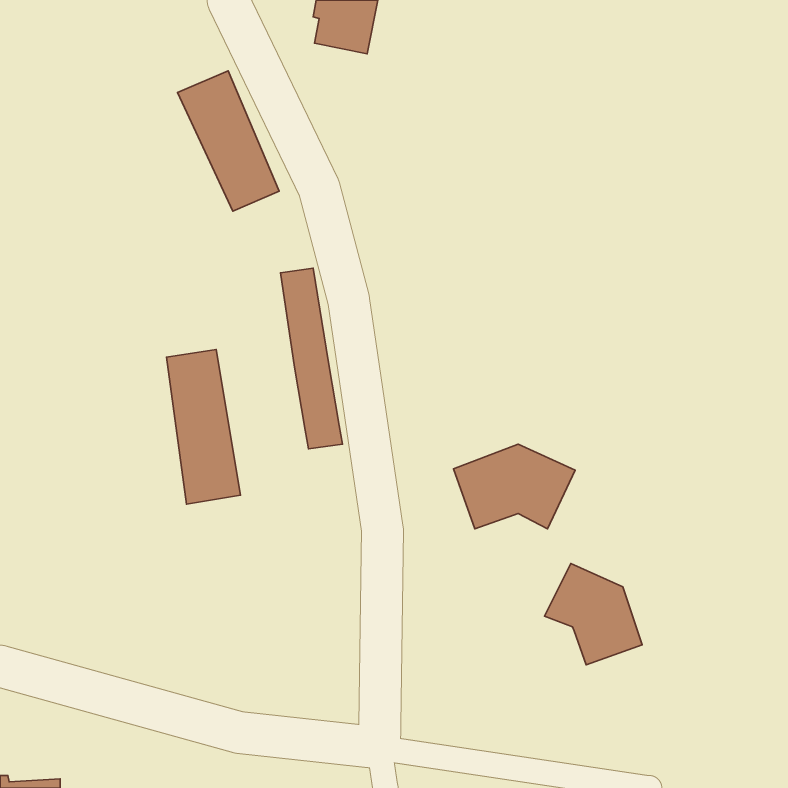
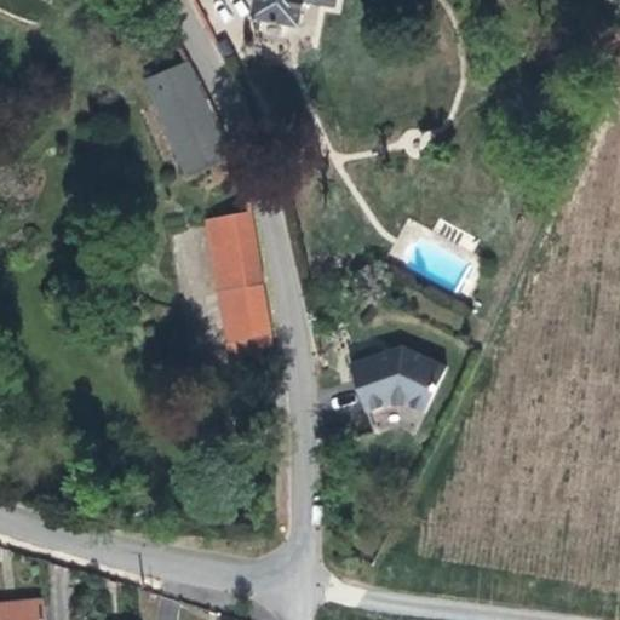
building: [167,349,241,504] -> none
building: [545,564,642,665] -> none

